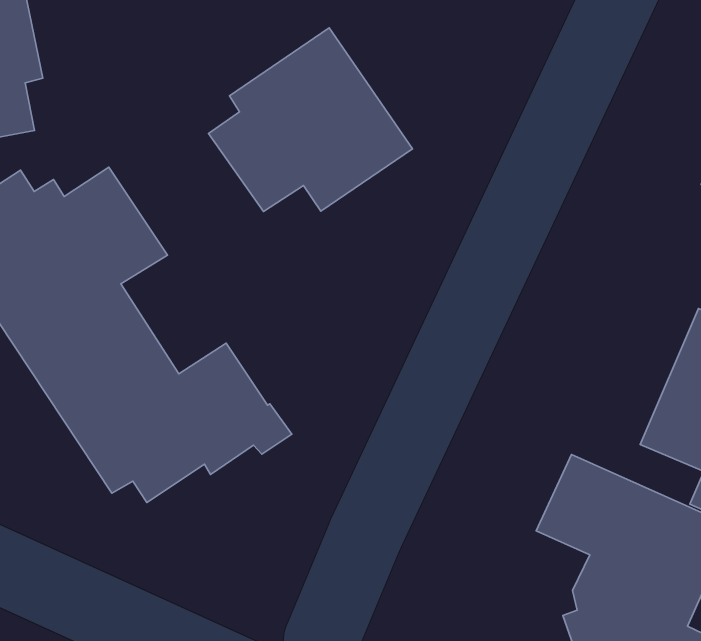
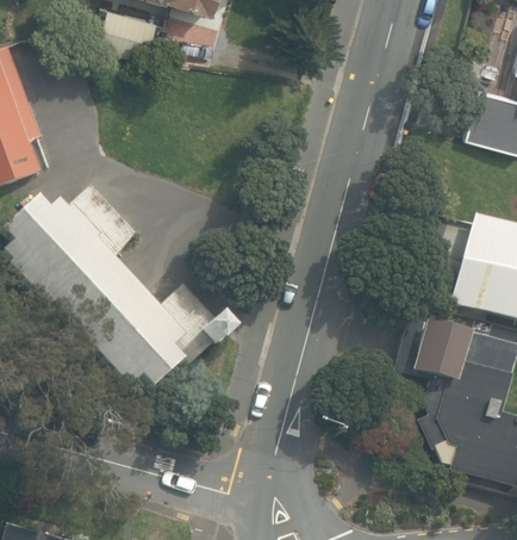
building: [208,28,413,212] -> none

